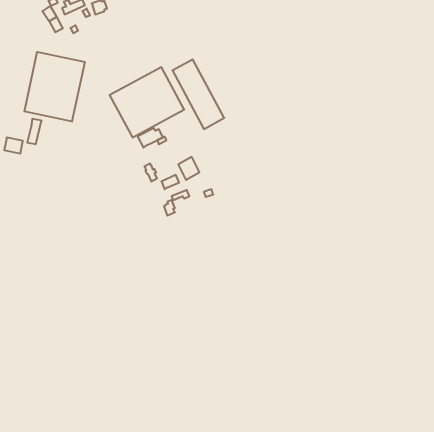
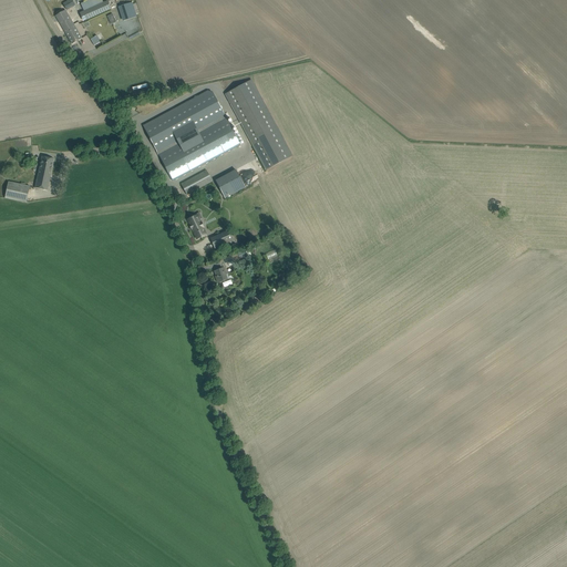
building: [24,52,85,122] -> none
building: [178,157,199,180] -> [217,165,245,195]

